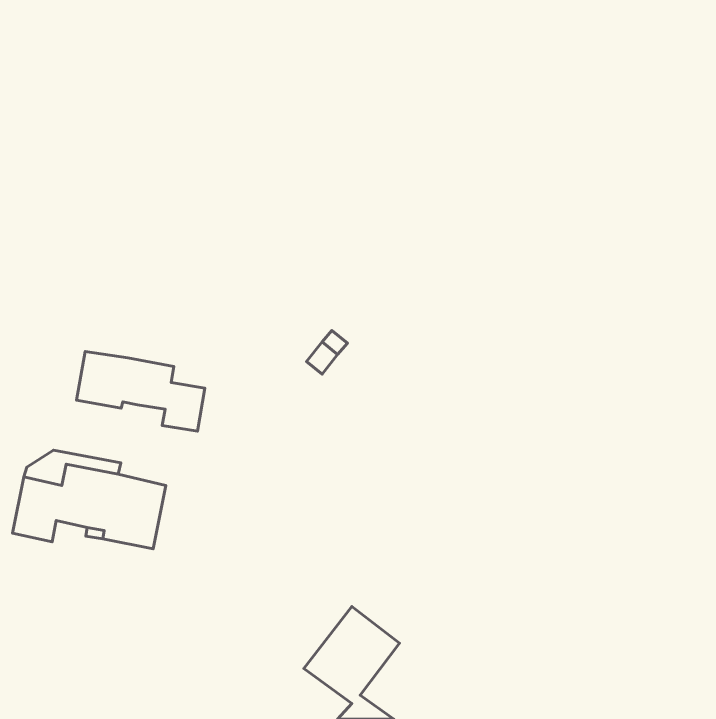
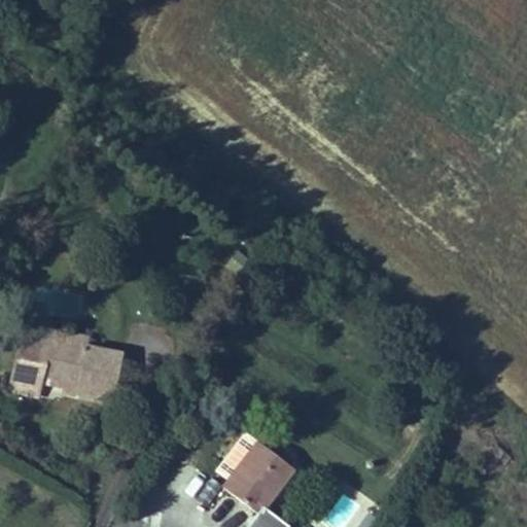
building: [76,351,205,431] -> none

